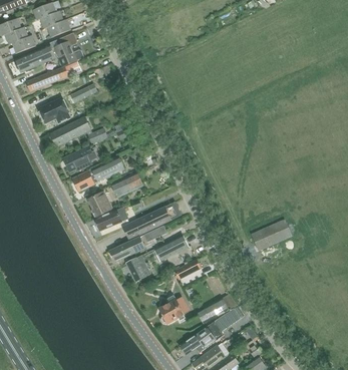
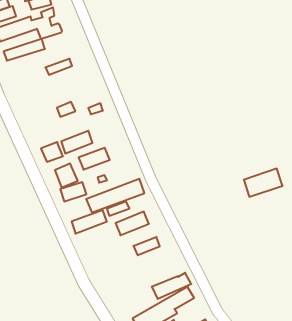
building: [39,97,70,123] -> none
building: [50,116,91,146] -> none
building: [63,146,97,171] -> none
building: [252,220,292,251] -> [244,169,283,197]
building: [126,255,151,281] -> none
building: [159,295,186,323] -> none

